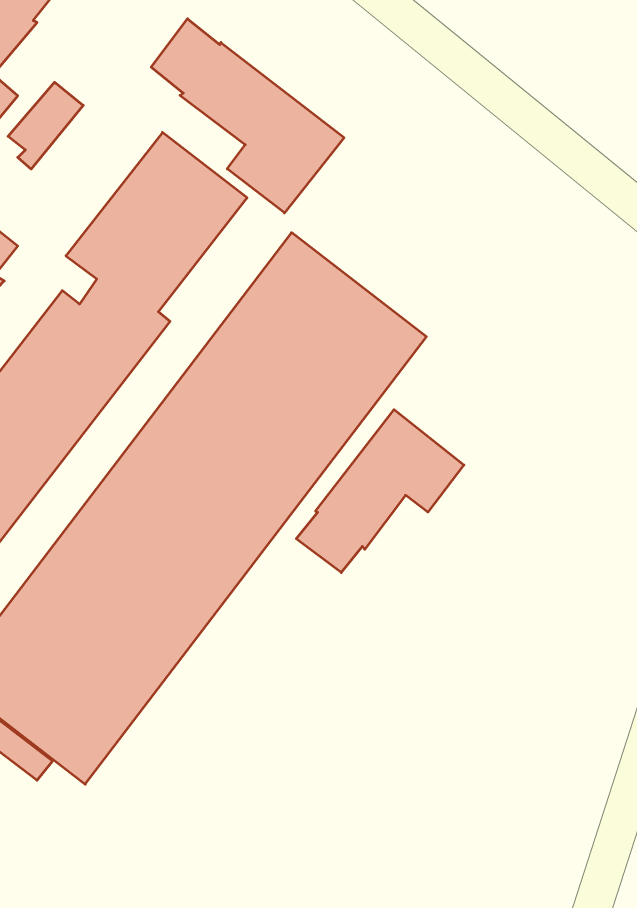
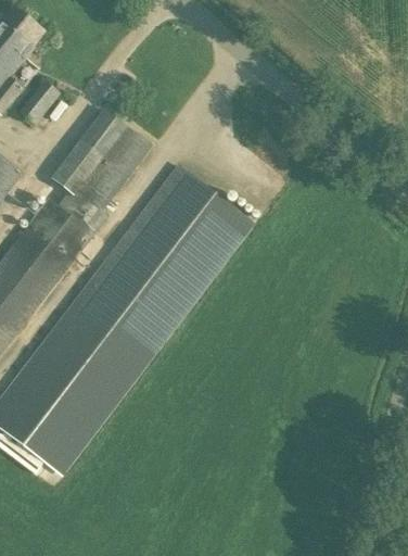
building: [151,19,344,213] -> none
building: [296,410,464,573] -> none

